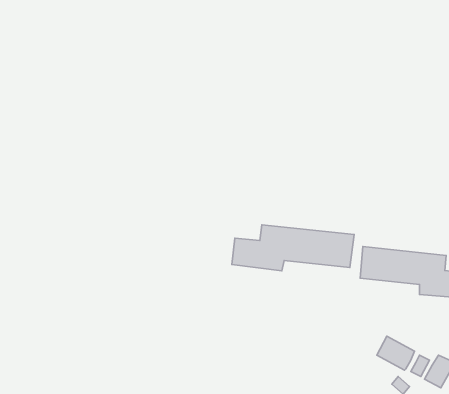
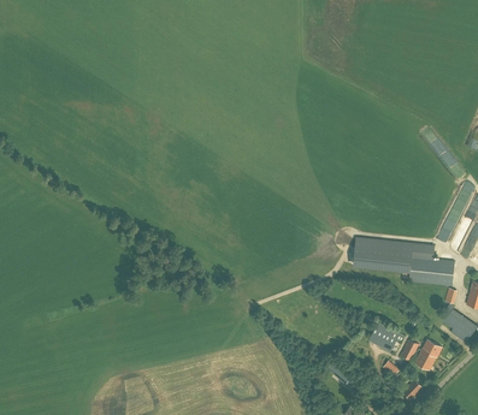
building: [232,225,354,271] -> none

